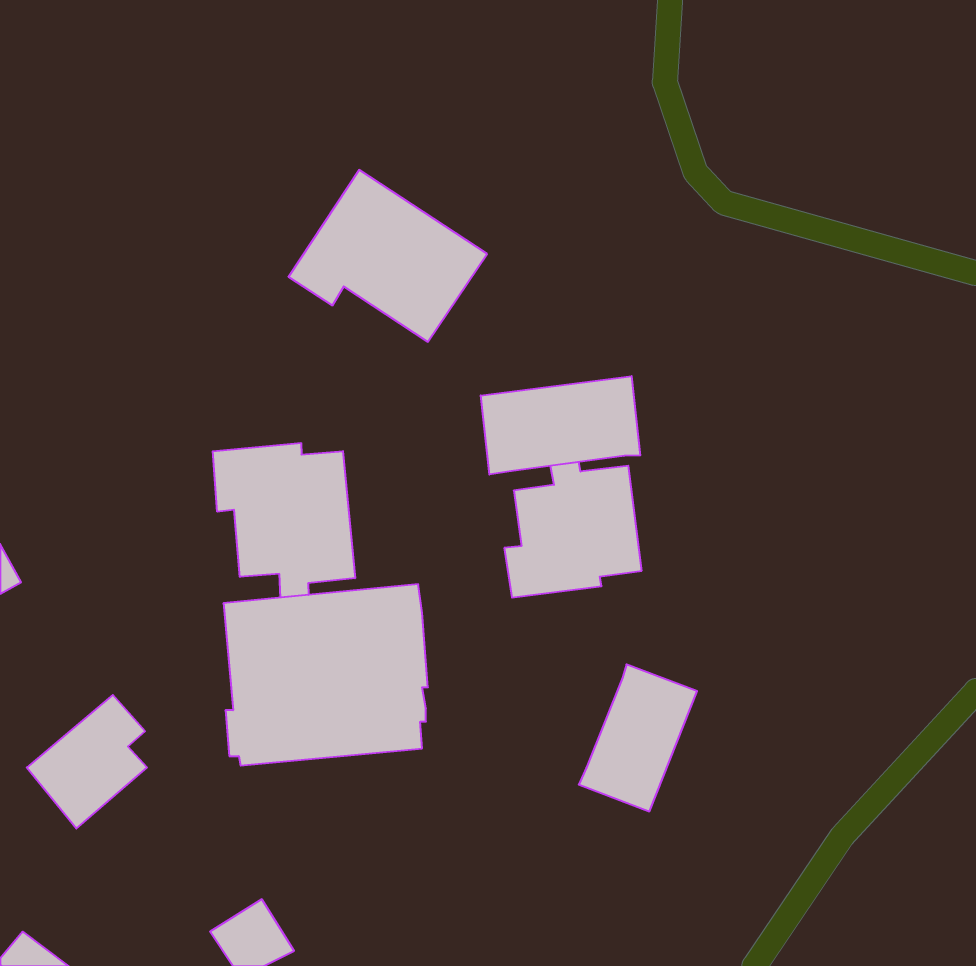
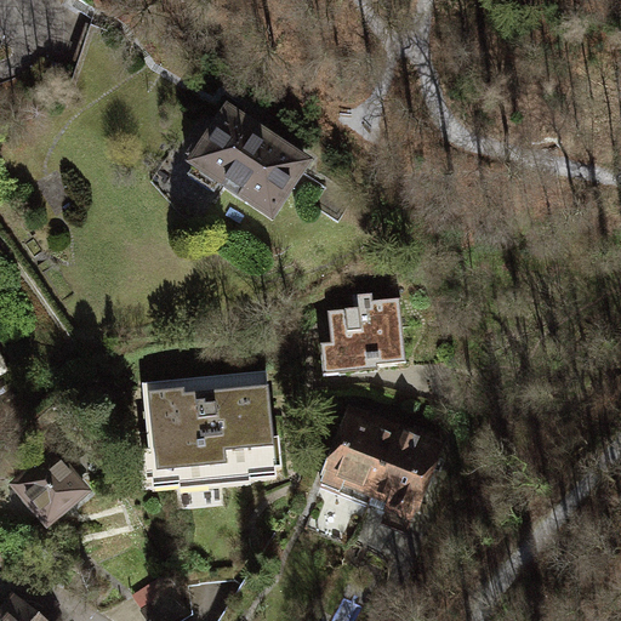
building: [481,376,640,475] -> none
building: [213,443,355,597] -> none
building: none -> [320,405,395,488]

